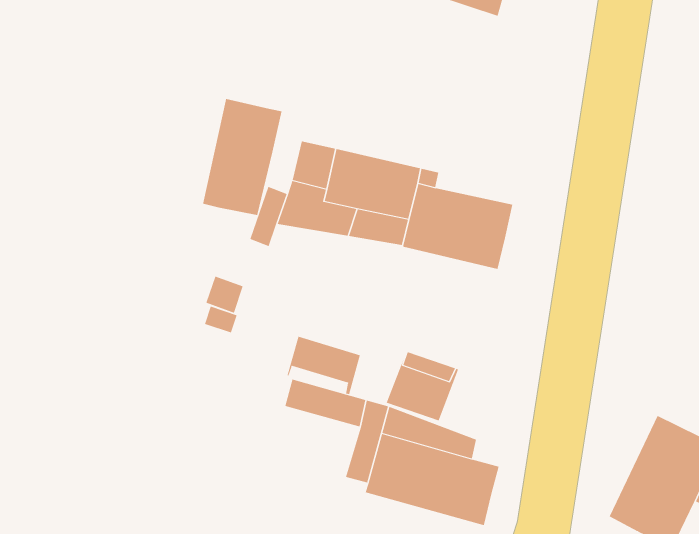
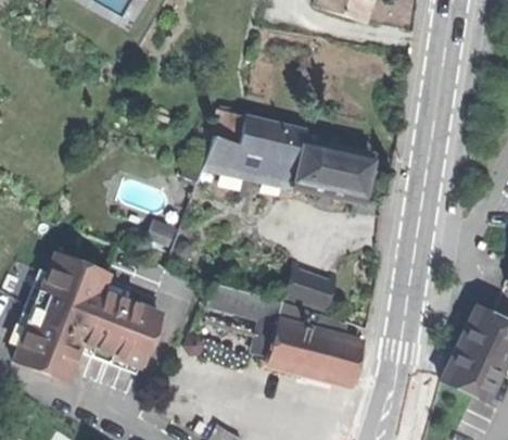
building: [203,98,282,216] -> none
building: [287,336,361,395] -> none
building: none -> [16,254,162,384]

